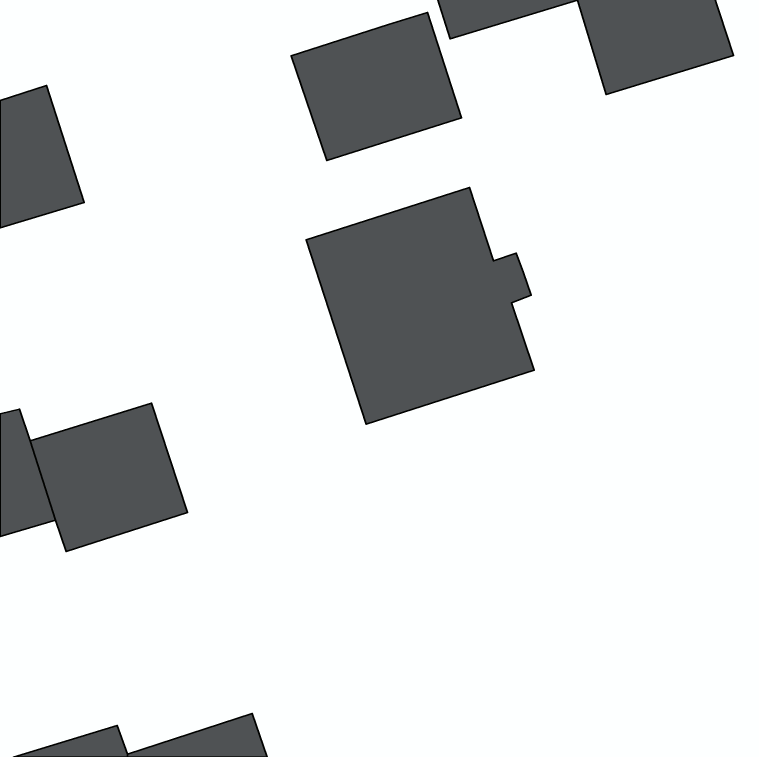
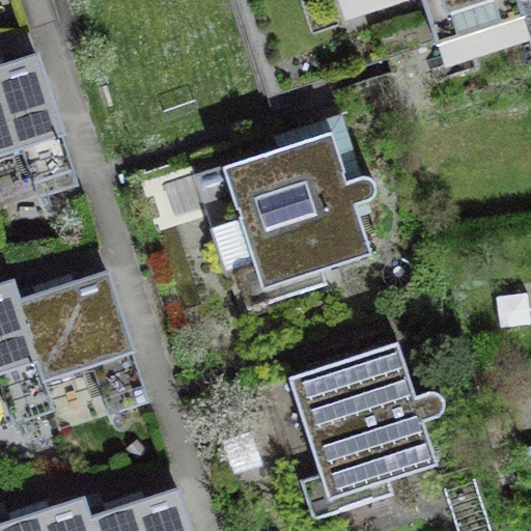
building: [291,12,461,160] -> none
building: none -> [281,344,434,497]

